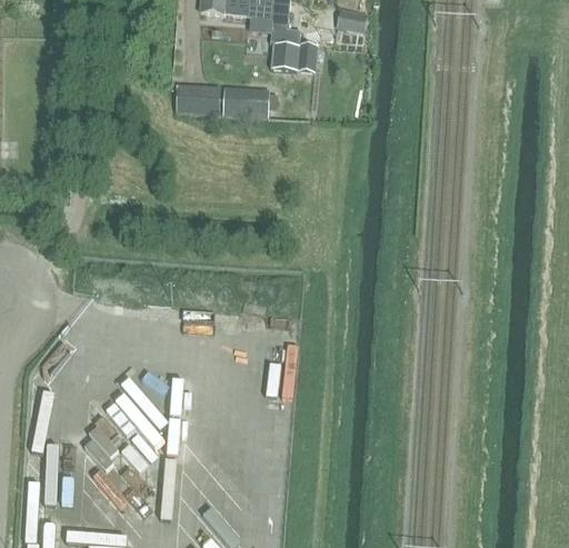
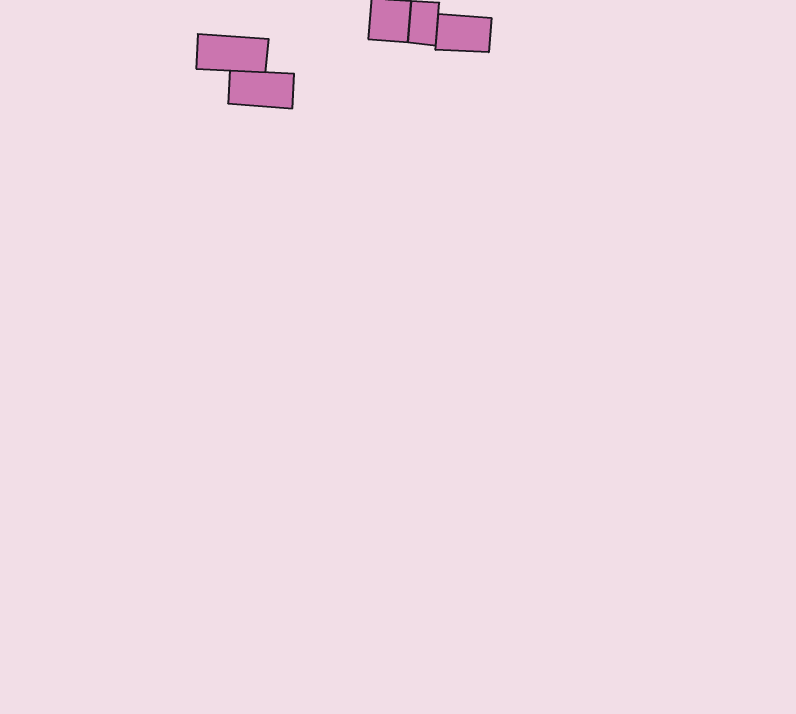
building: none -> [436,14,491,52]
building: [219,88,268,113] -> [196,34,269,72]

